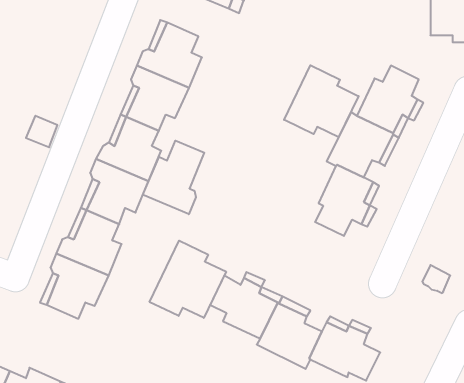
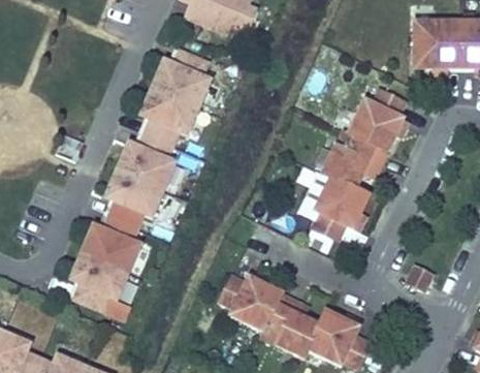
building: [284,65,359,137] -> none
building: [143,141,204,214] -> none
building: [150,241,226,318] -> none

